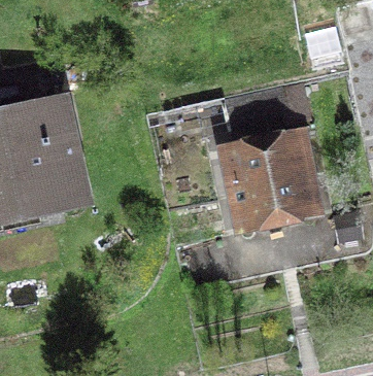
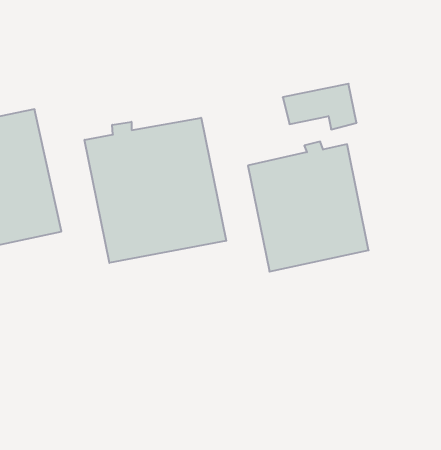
building: none -> [85,118,226,263]

